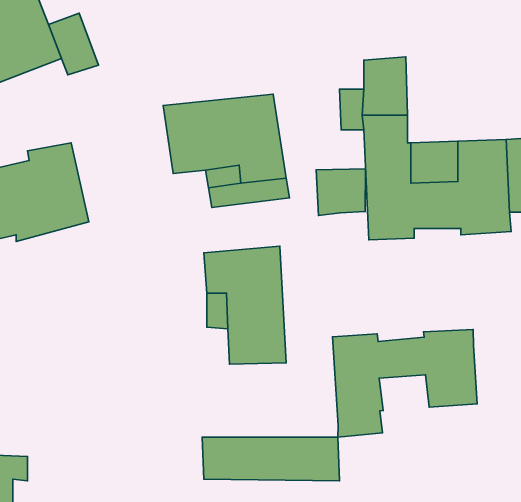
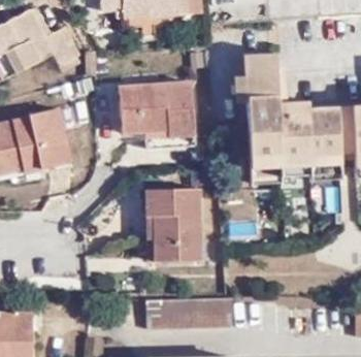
building: [316,169,366,216] -> none
building: [332,330,477,437] -> none

